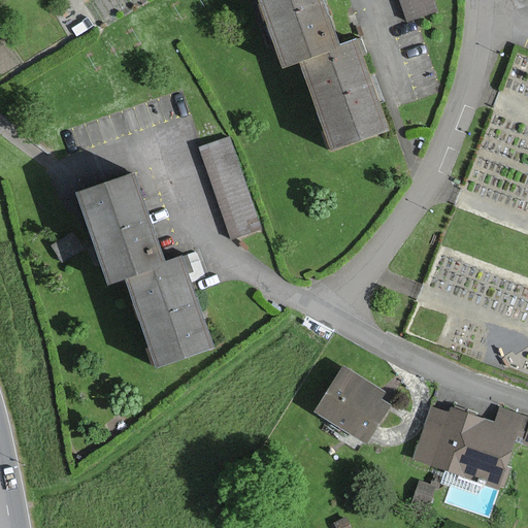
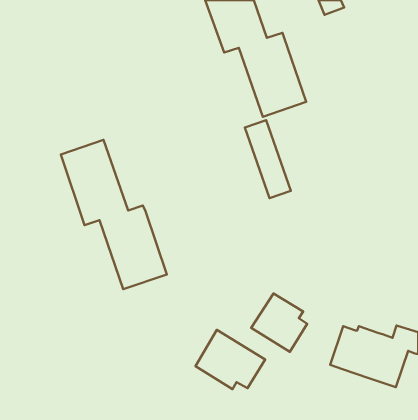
building: [199,138,257,236] -> [245,120,291,198]
building: none -> [196,330,265,389]

